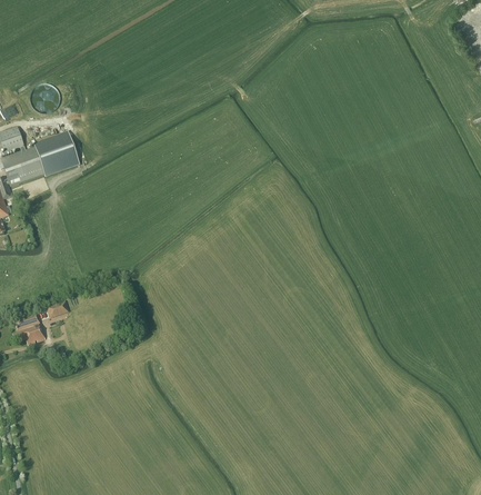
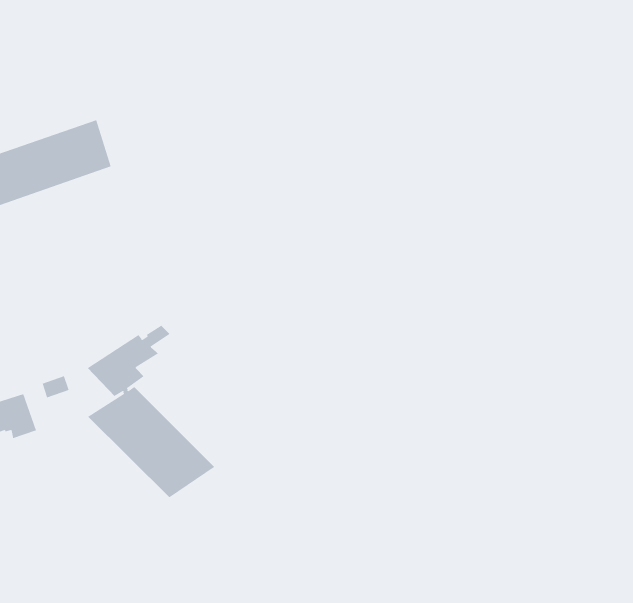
building: none -> [87,325,215,498]

